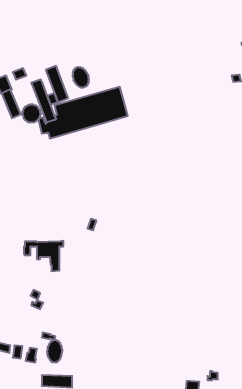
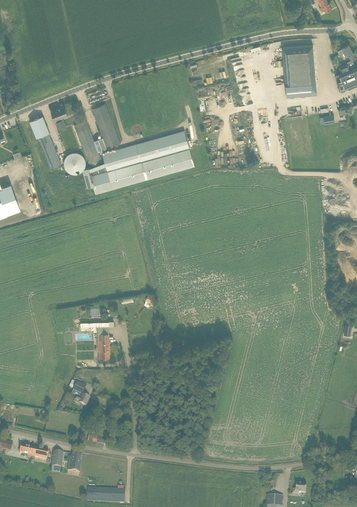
building: none -> [282,44,317,96]
building: [73,67,89,88] -> none
building: [47,340,62,362] -> none

